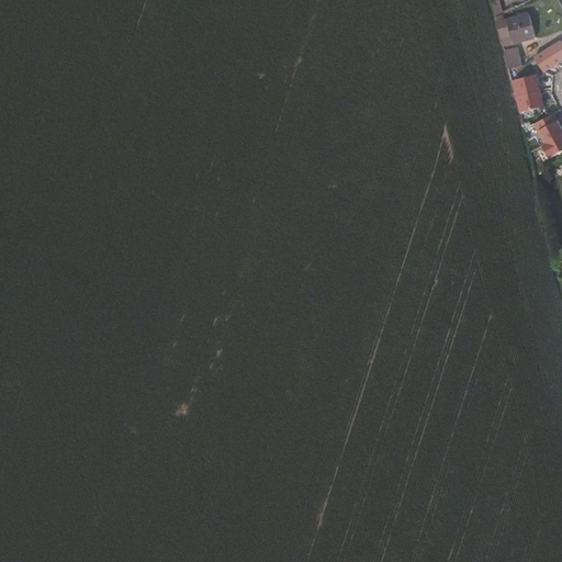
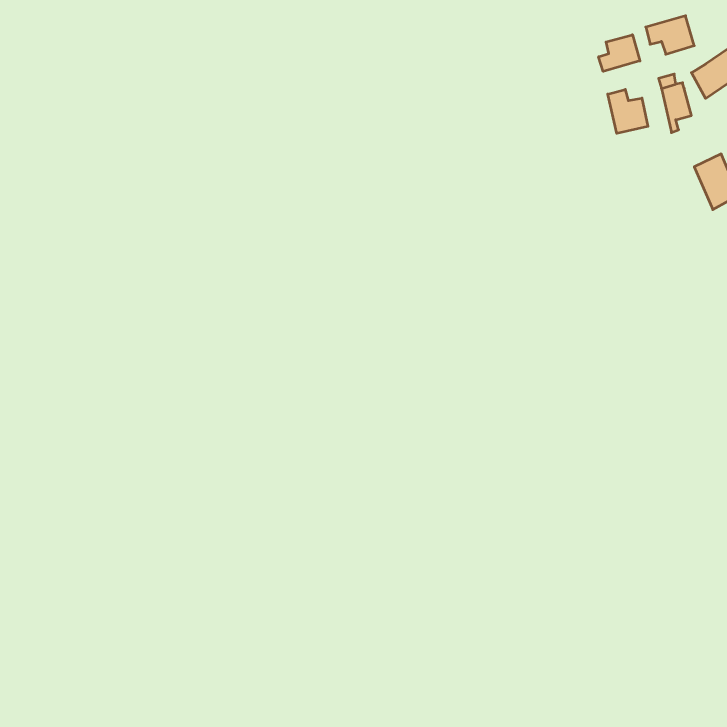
building: none -> [599,35,640,71]
building: none -> [608,89,648,133]

